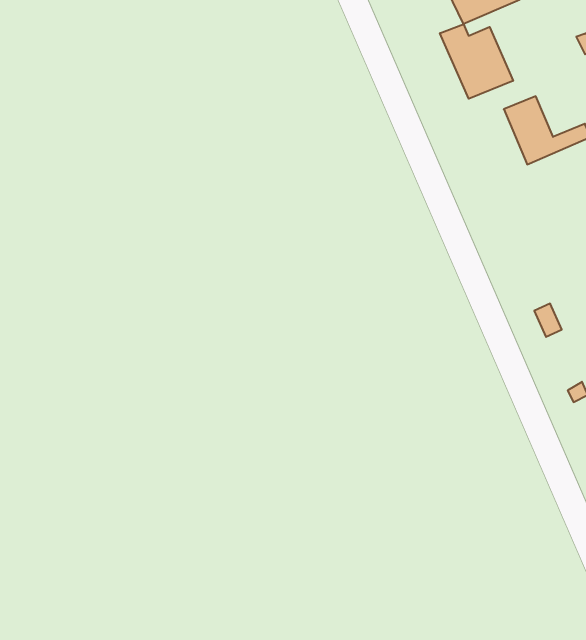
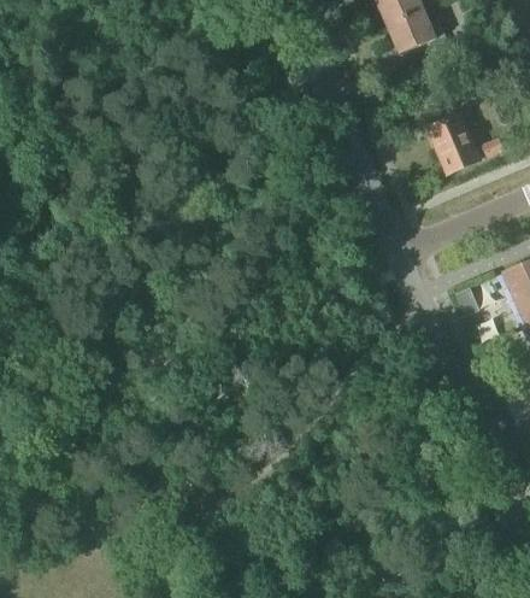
building: [440,24,513,99] -> none

